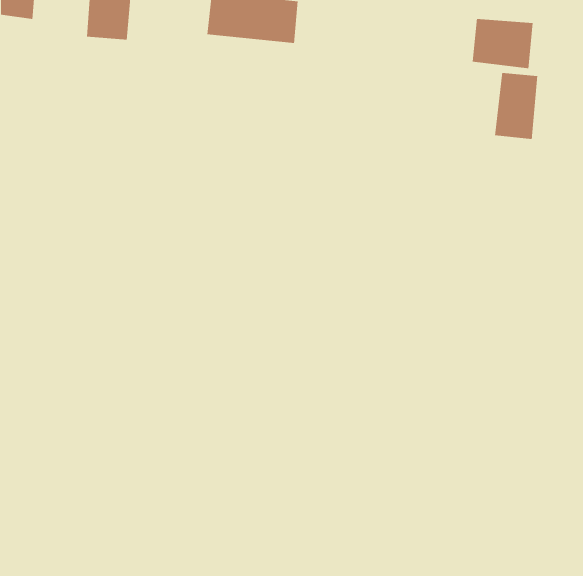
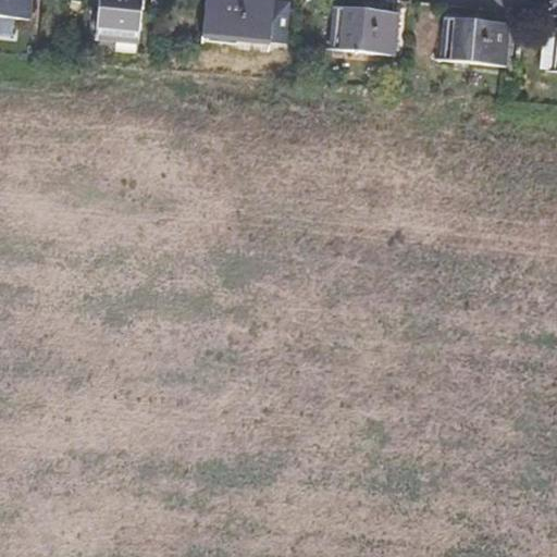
building: none -> [337,5,399,54]
building: [495,72,538,140] -> none

